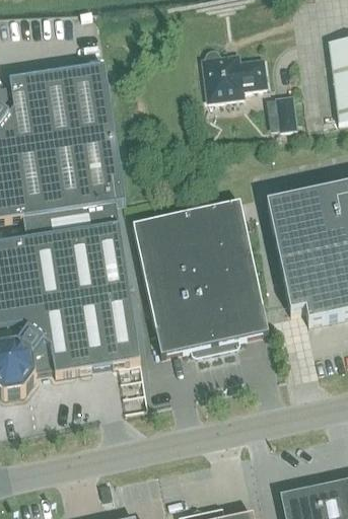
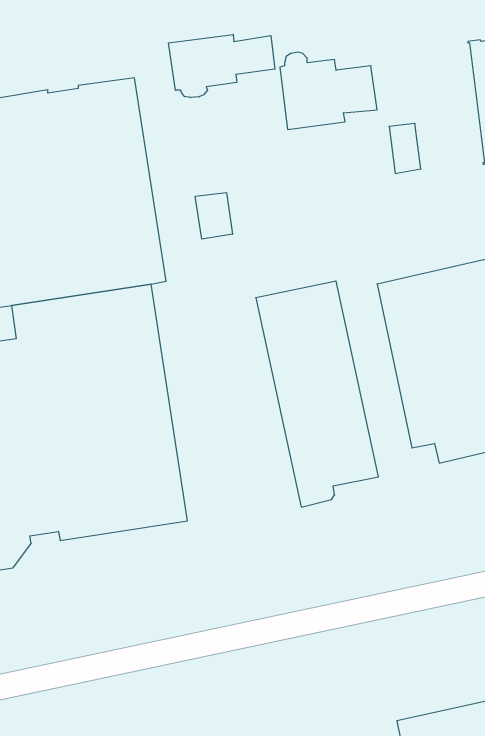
building: none -> [168,34,275,98]
building: none -> [195,193,233,239]
building: [133,210,216,354] -> none

